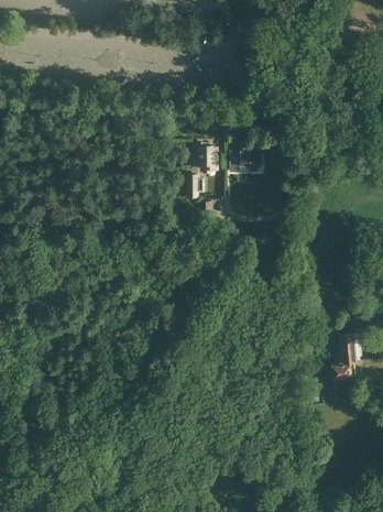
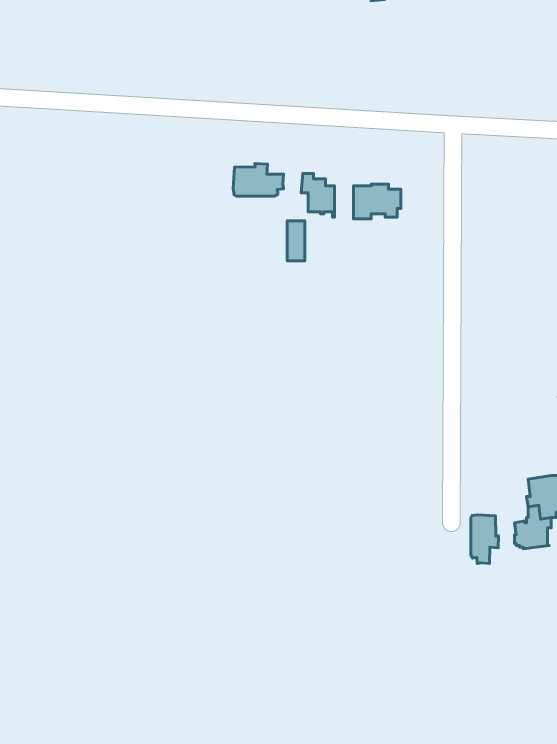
building: none -> [233,164,283,196]
building: none -> [471,515,499,564]

